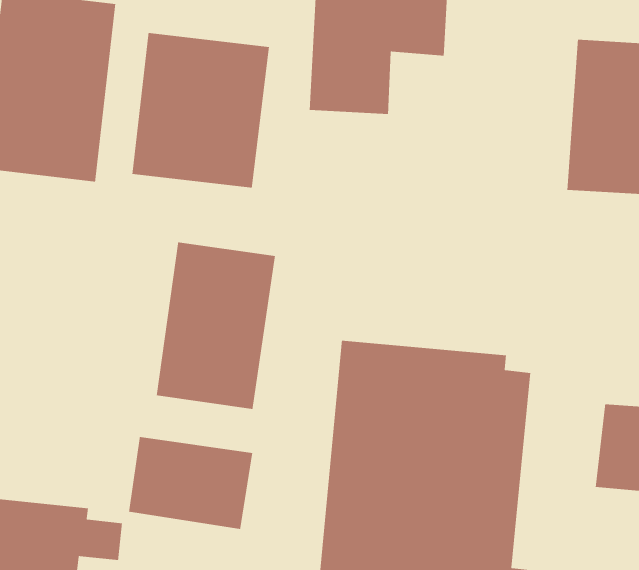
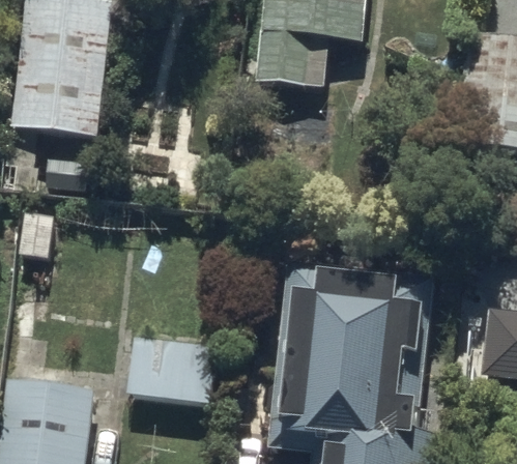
building: [132,32,270,188] -> none
building: [156,241,276,410] -> none

